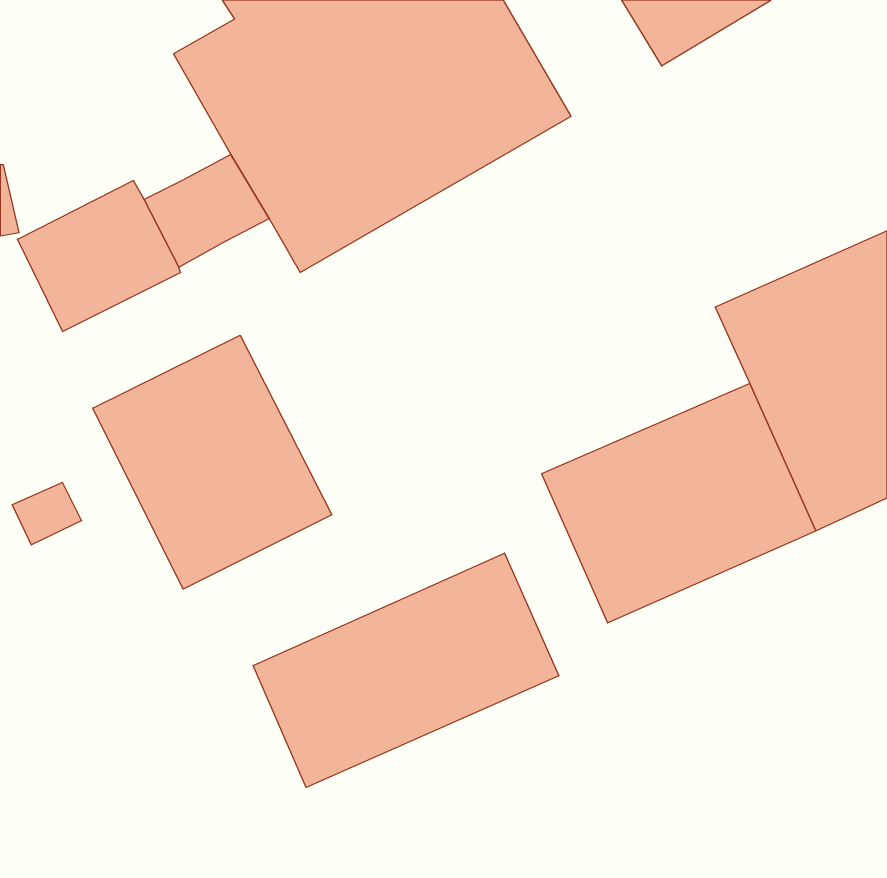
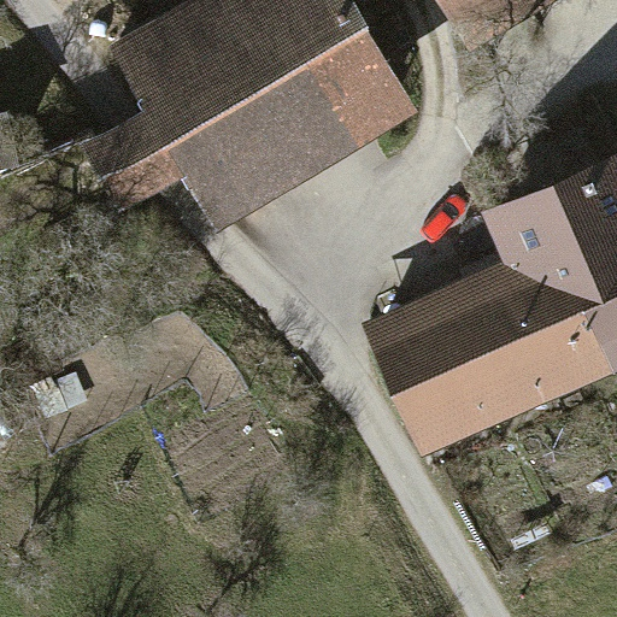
building: [93,335,332,589] -> none
building: [253,553,559,787] -> none

